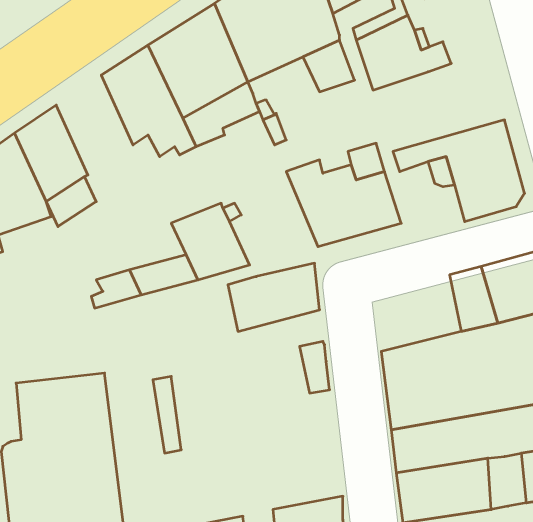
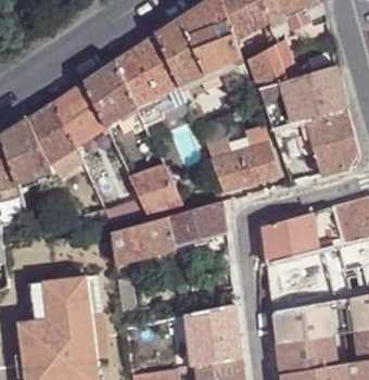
building: none -> [260,65,346,130]
building: none -> [54,80,104,145]
building: none -> [262,211,318,261]
building: none -> [113,217,173,262]
building: none -> [184,303,241,365]

